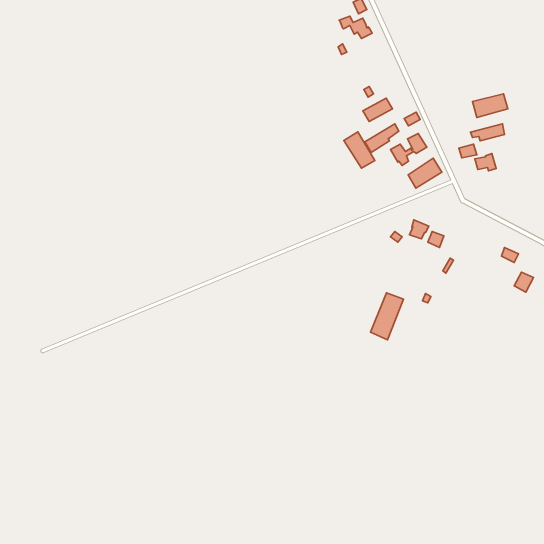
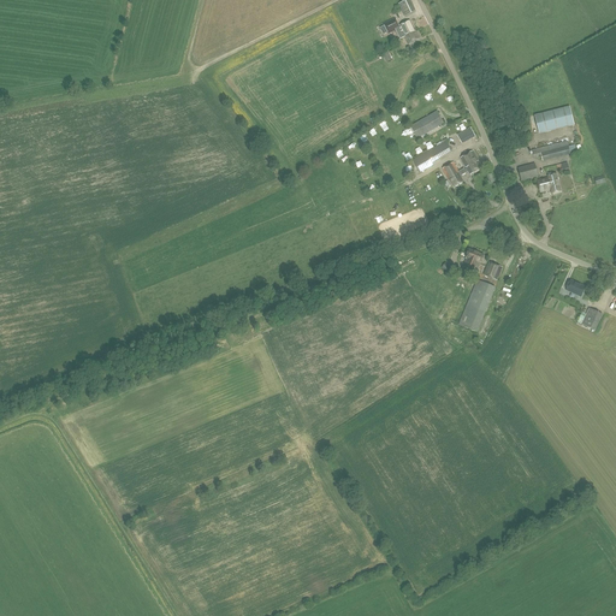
building: [344,132,375,168] -> none
building: [408,158,442,188] -> none
building: [370,293,404,340] -> [457,279,494,332]

